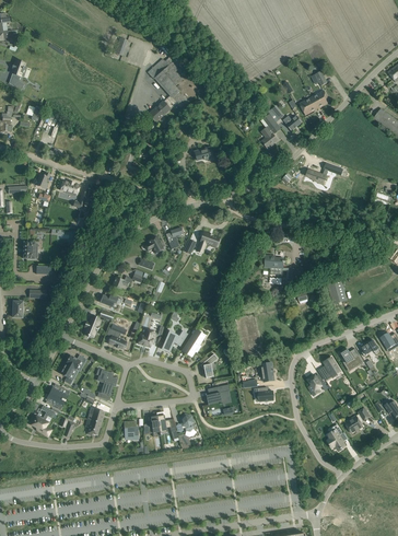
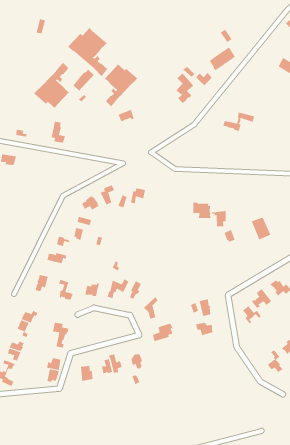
building: none -> [33,62,70,109]
building: none -> [104,64,138,107]

